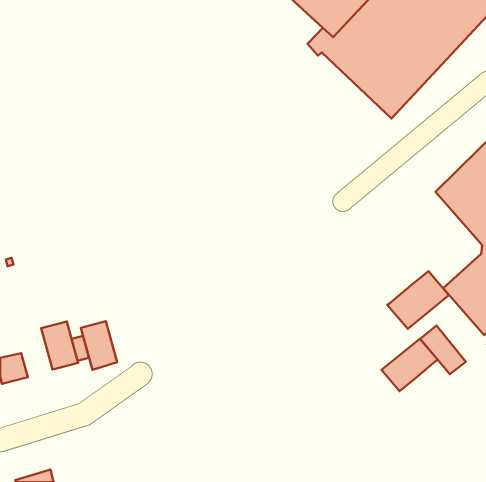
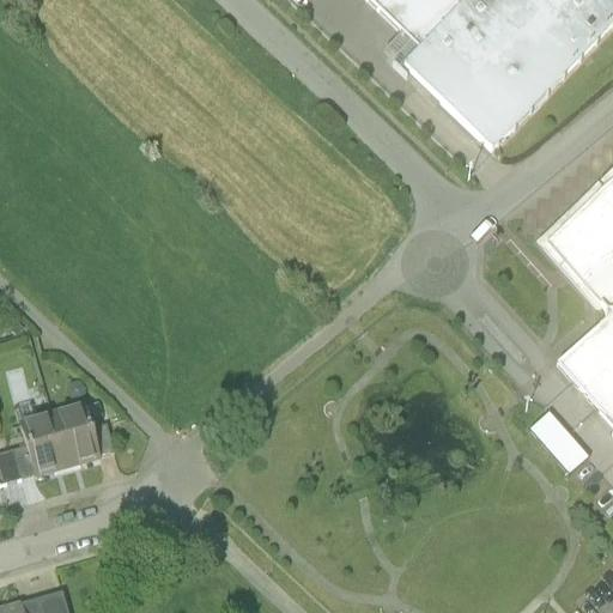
building: [387,271,449,329] -> none
building: [81,321,117,370] -> [23,412,68,473]
building: [381,339,438,391] -> none

